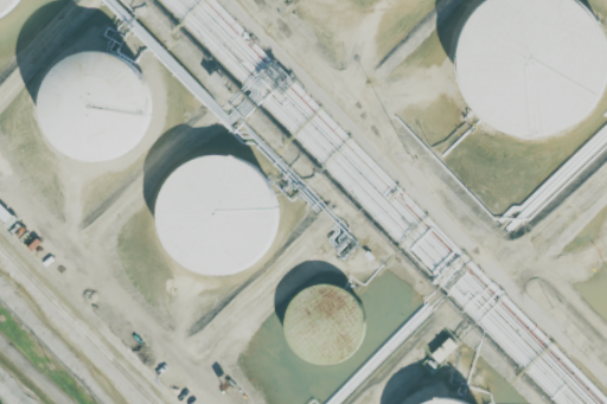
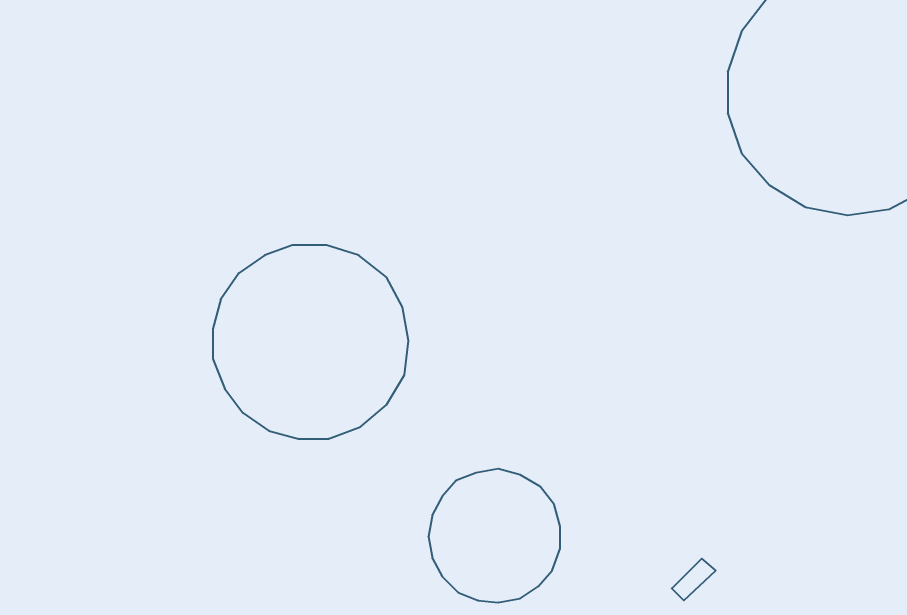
building: [40,49,156,165] -> none

